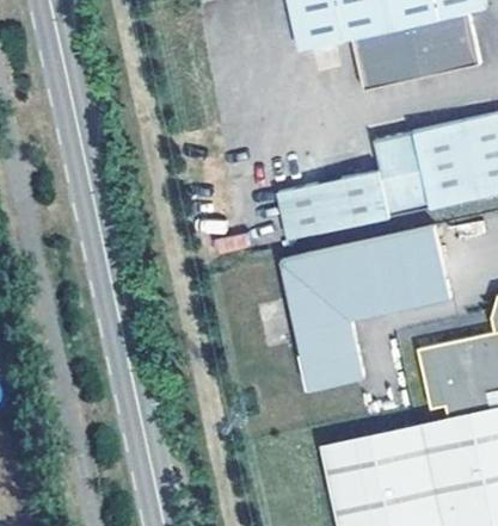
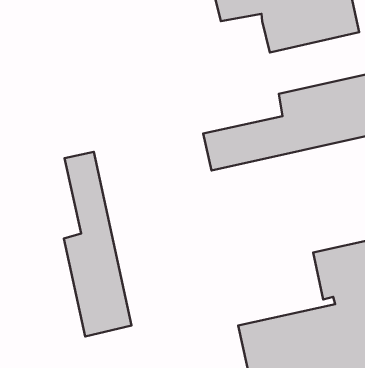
building: none -> [64,152,132,337]
building: [281,224,450,388] -> none

